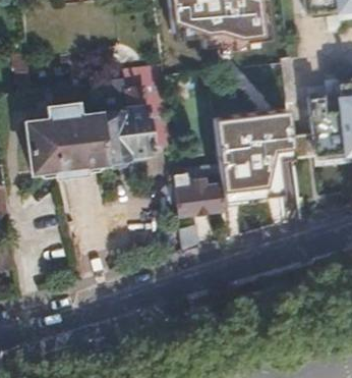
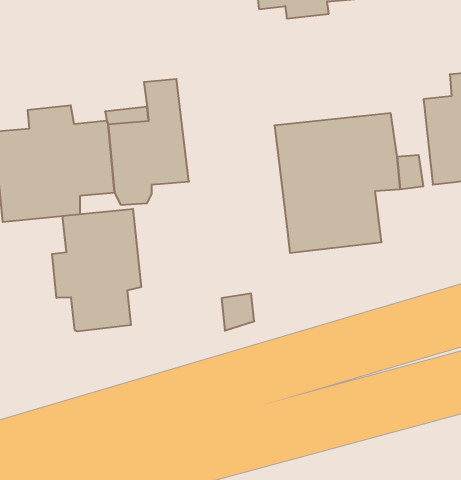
building: [172,171,224,215] -> none
building: none -> [52,209,141,331]

